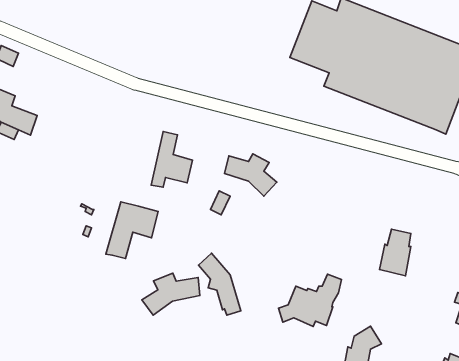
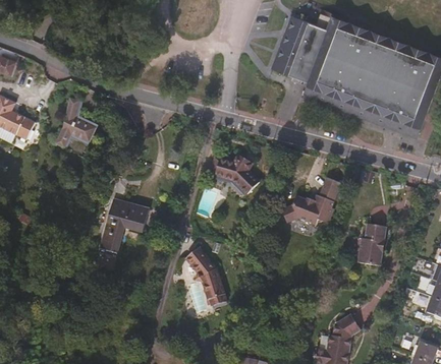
building: [151,132,193,187] -> [58,96,97,147]
building: [142,273,200,315] -> none
building: [278,274,342,327] -> [279,177,338,226]

